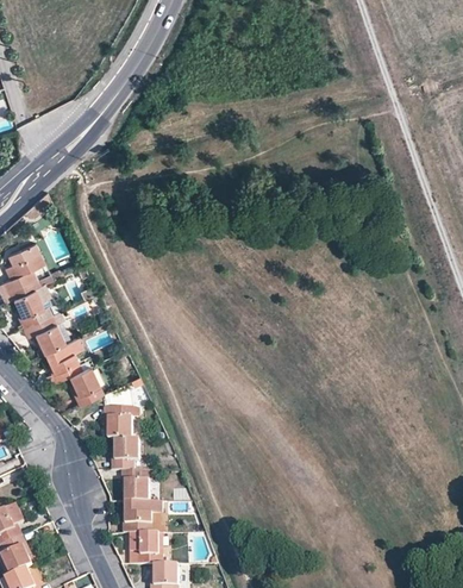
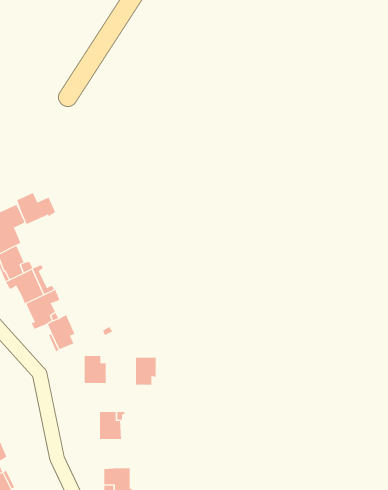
building: none -> [16,192,56,225]
building: [114,439,138,470] -> [135,357,157,385]
building: [121,501,161,533] -> none

